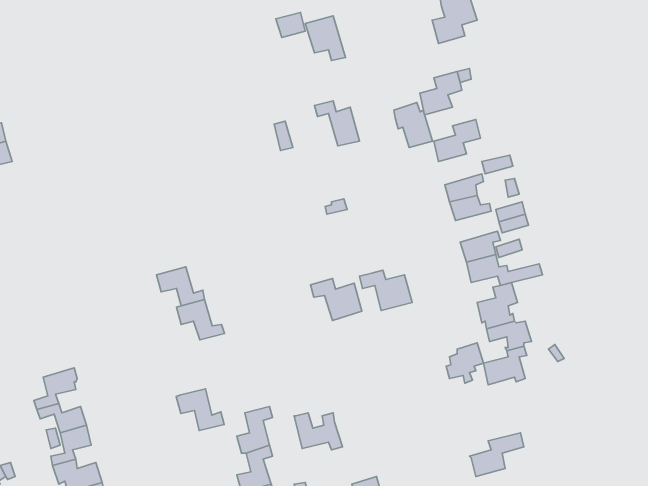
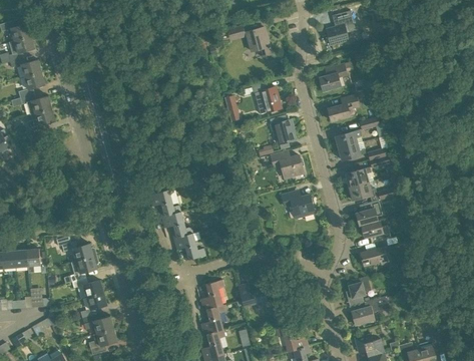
building: [394,102,432,147] -> [269,114,294,143]
building: [311,278,362,320] -> [270,151,303,178]
building: none -> [55,236,95,261]
building: [446,343,483,383] -> [346,277,370,303]
building: [176,389,224,431] -> [173,233,204,260]

